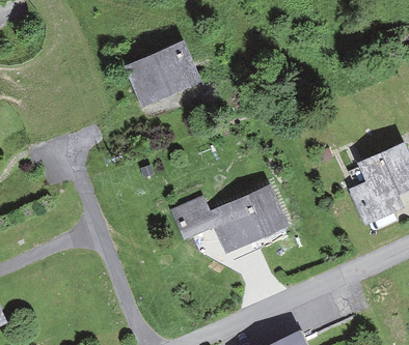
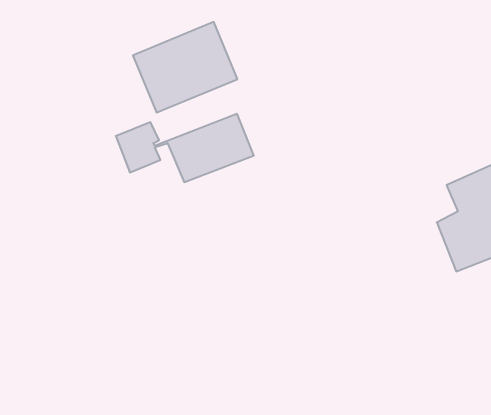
building: [181,194,283,245] -> [116,114,254,182]

